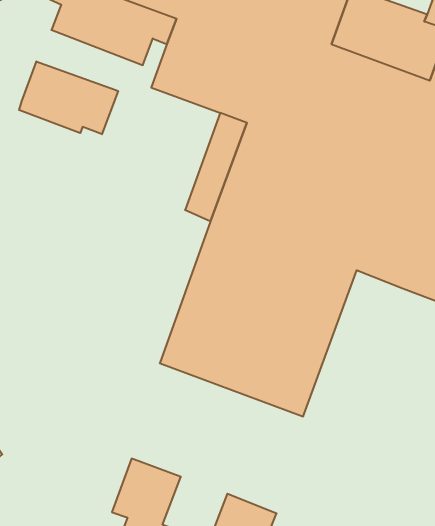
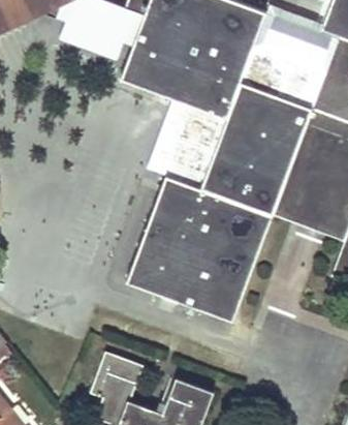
building: [19,61,118,134] -> none

